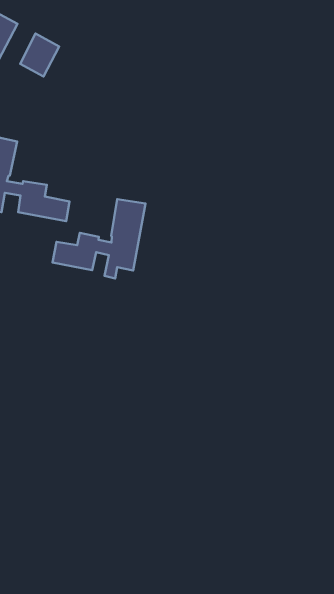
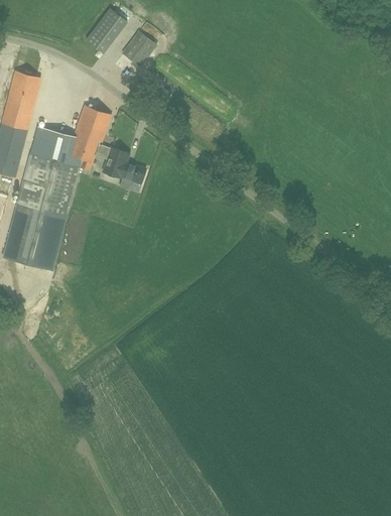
building: [52,199,146,278] -> none

